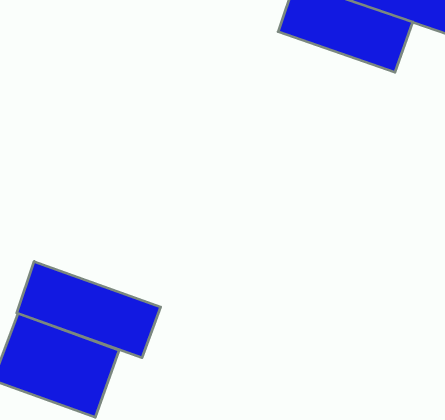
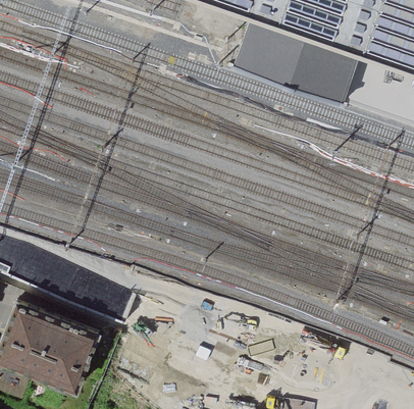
building: [17,261,161,358] -> none

